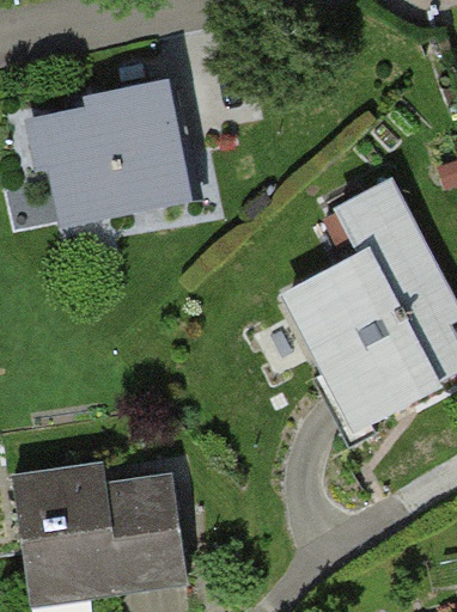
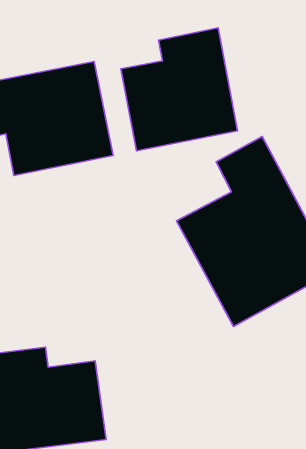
building: none -> [121,28,238,151]

